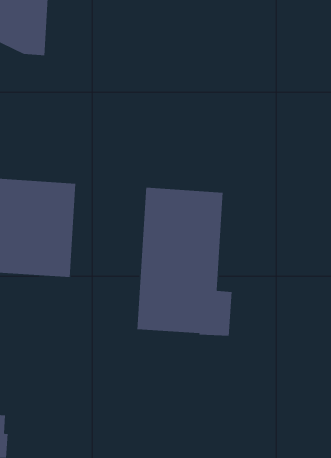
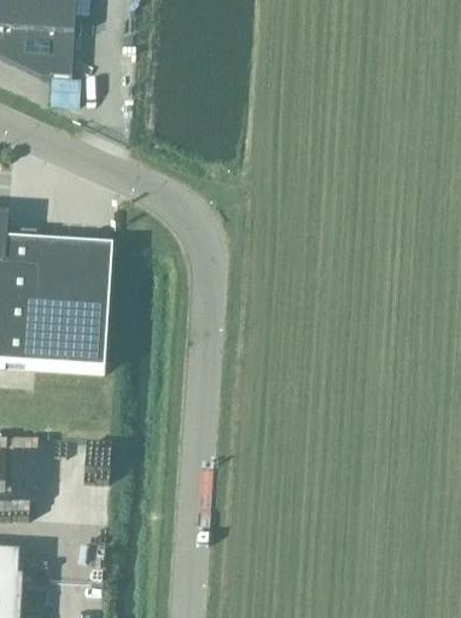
building: [137,187,232,336] -> none

